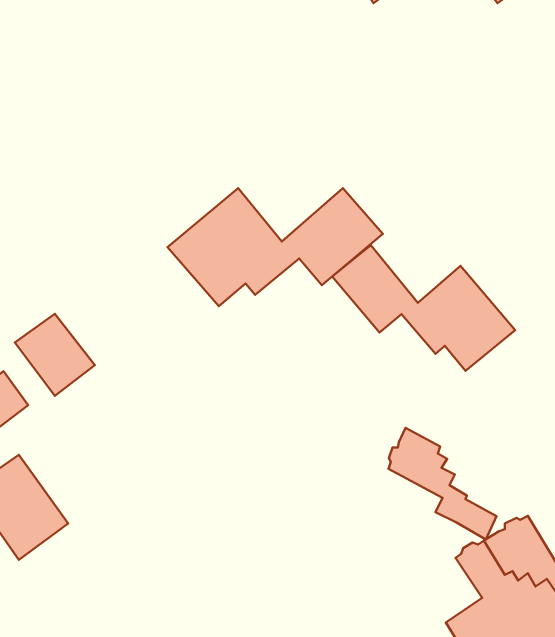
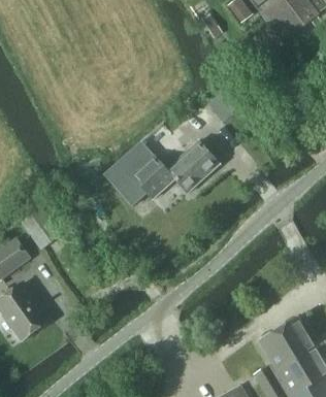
building: [332,245,515,371] -> none
building: [388,428,497,540] -> none

